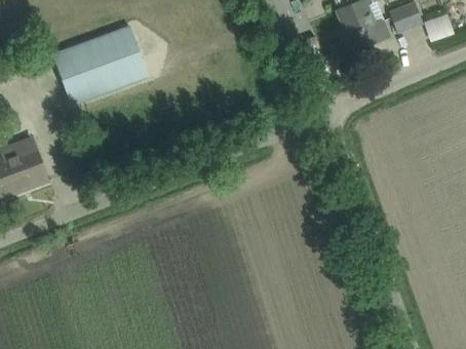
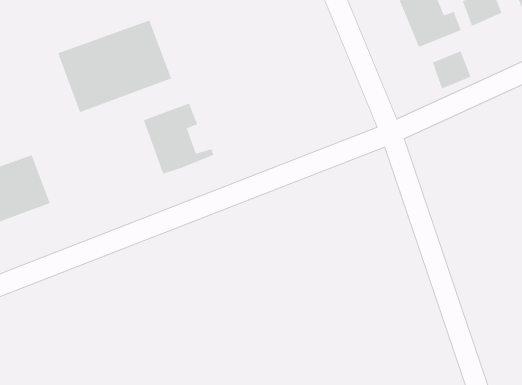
building: none -> [432,51,472,90]
building: none -> [143,103,214,175]

